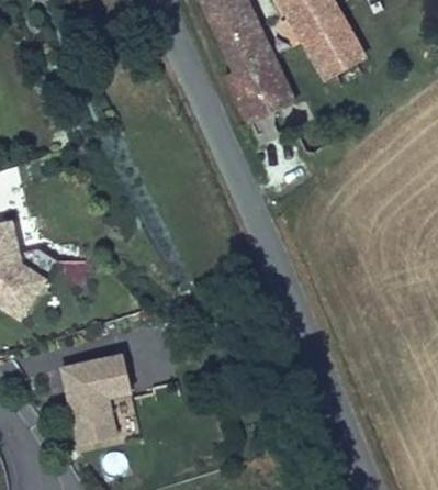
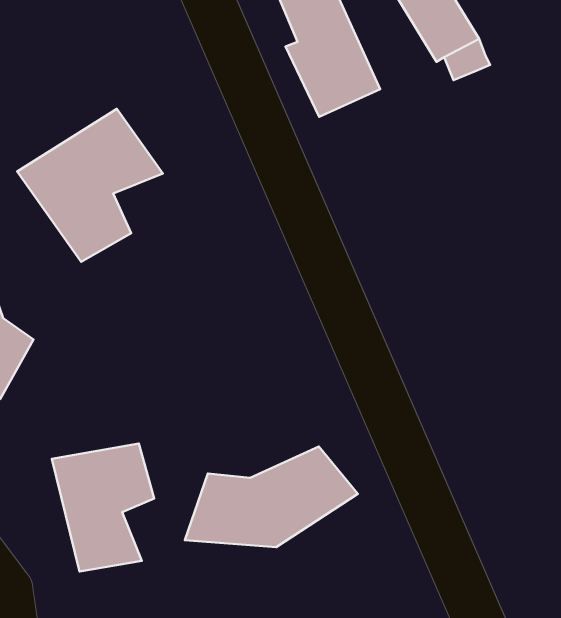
building: none -> [17,109,163,262]
building: none -> [185,447,358,547]

